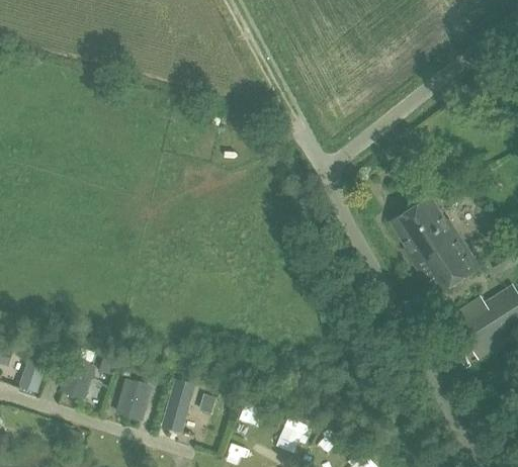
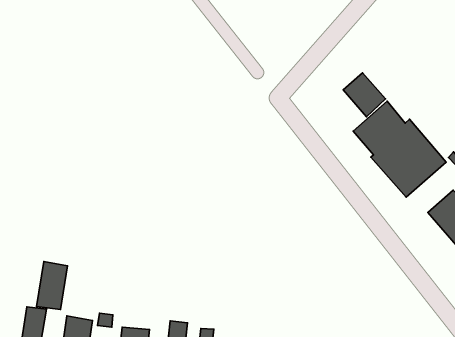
building: none -> [343,73,386,117]
building: none -> [36,262,68,309]

